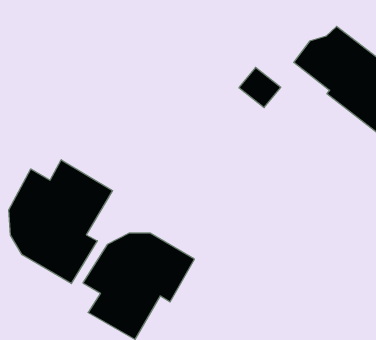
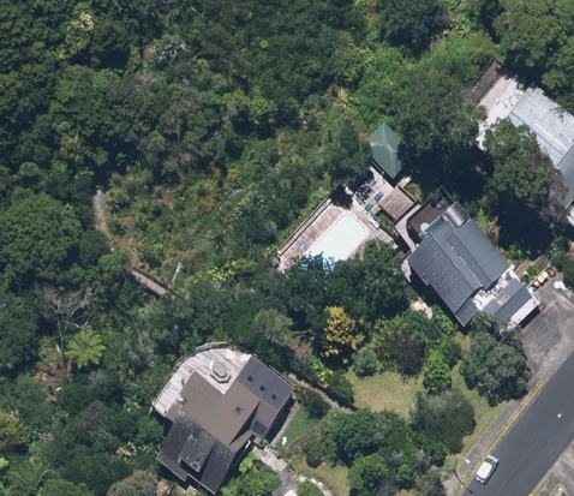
building: none -> [406,196,543,335]
building: [9,160,113,284] -> none

